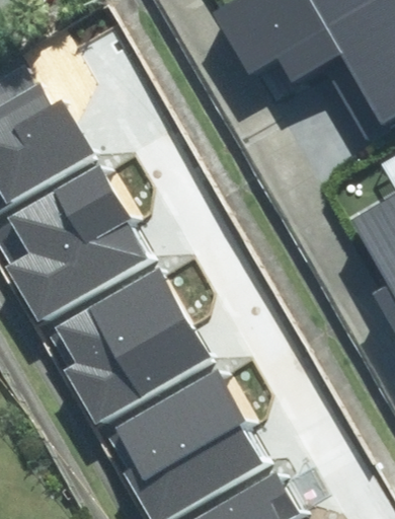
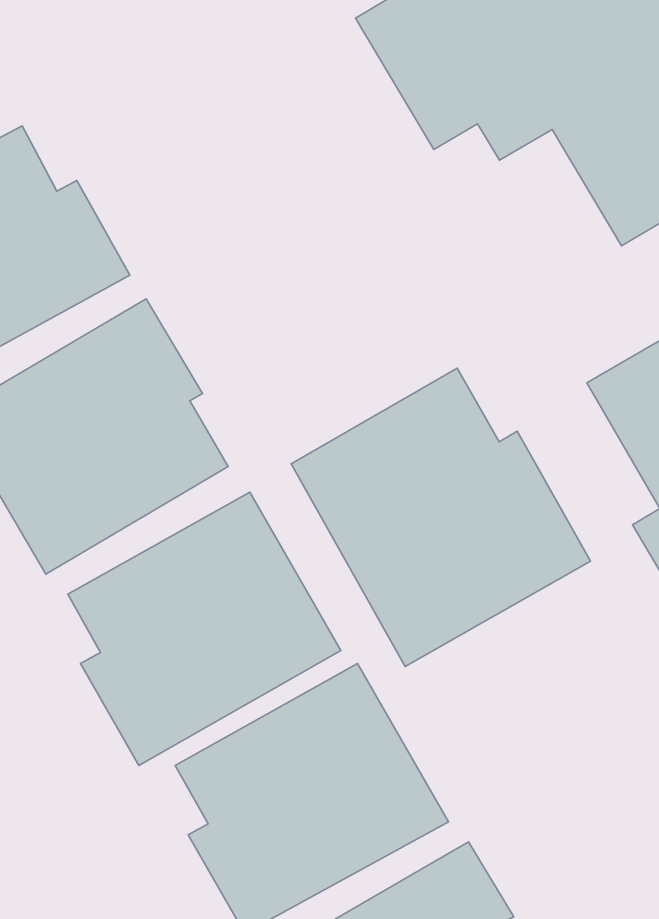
building: none -> [291,368,591,666]

